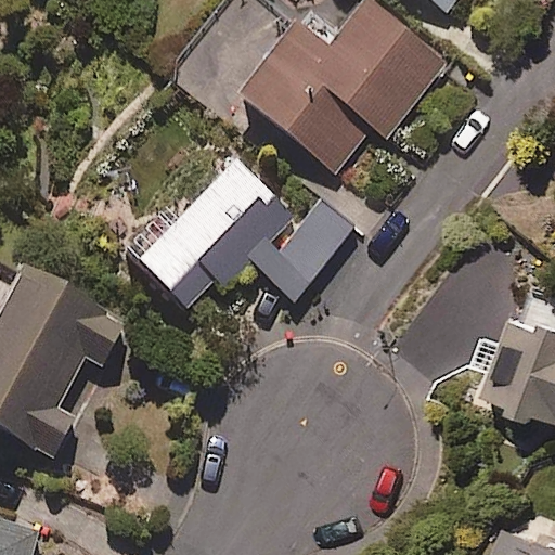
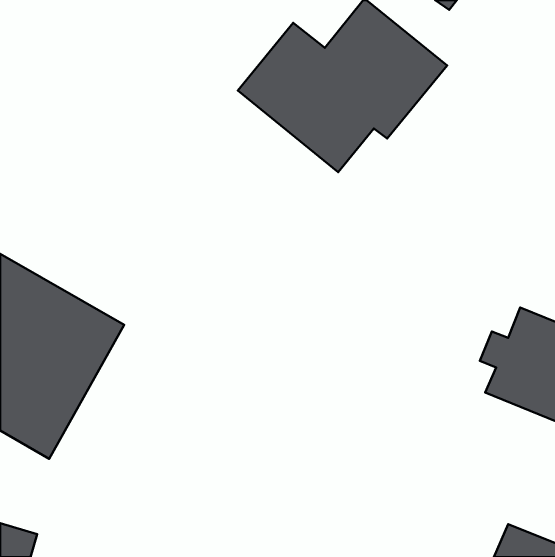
building: [124,157,357,318] -> none

